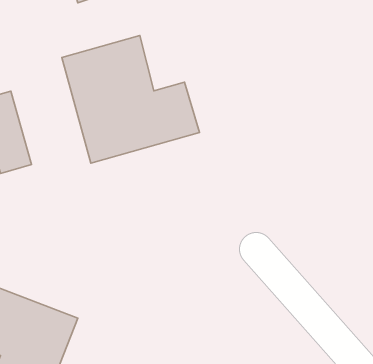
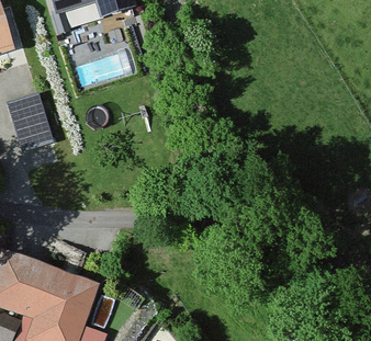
building: [62,36,200,163] -> none

